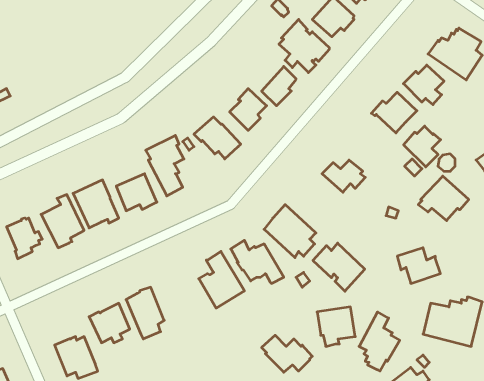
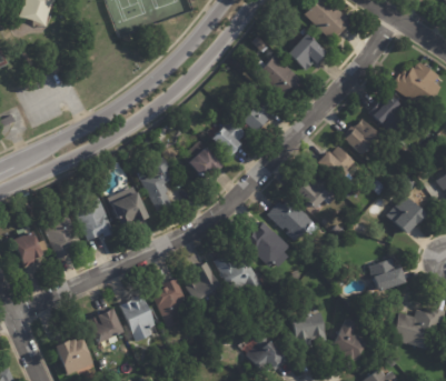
building: [404,126,441,167] -> [320,147,354,183]
building: [313,243,365,291] -> [267,198,314,241]
building: none -> [155,278,191,328]

